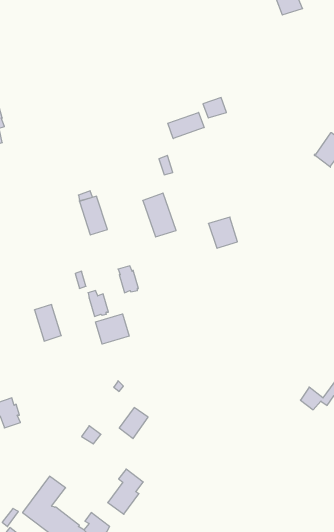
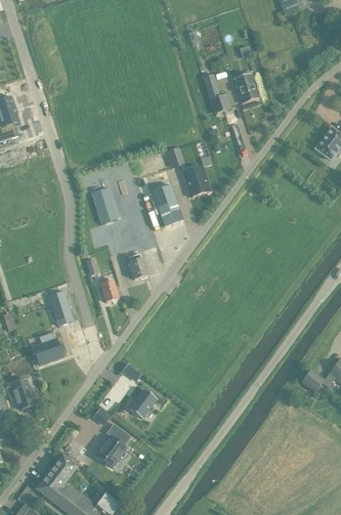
building: none -> [235,73,258,103]
building: [168,112,204,139] -> none
building: [208,217,237,248] -> [182,167,210,197]
building: [95,314,129,344] -> none
building: none -> [33,339,62,364]
building: [108,469,143,514] -> [96,424,130,467]

